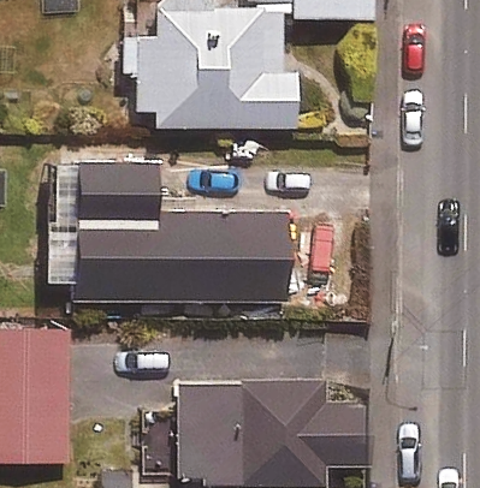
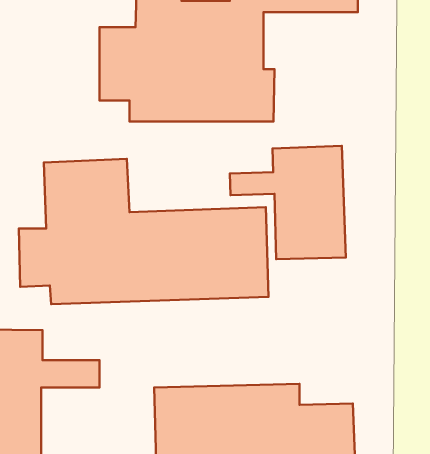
building: none -> [230,146,346,259]

